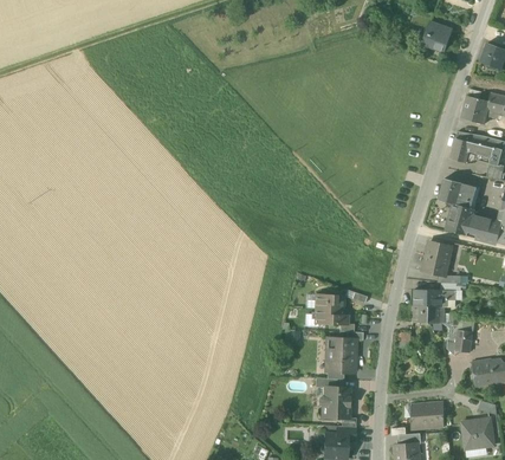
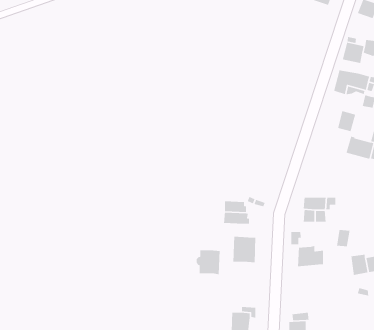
building: [439,179,473,235] -> none
building: [422,241,452,276] -> none
building: [318,387,349,419] -> [196,250,221,275]
building: [410,402,444,429] -> [297,245,324,267]
building: [462,420,493,448] -> none

